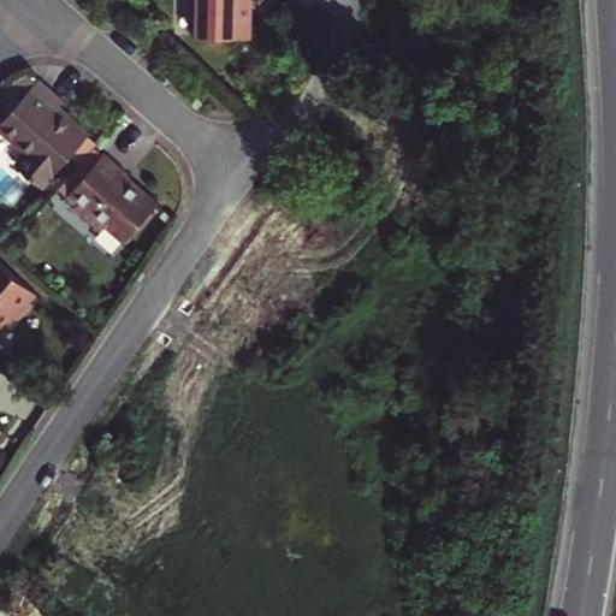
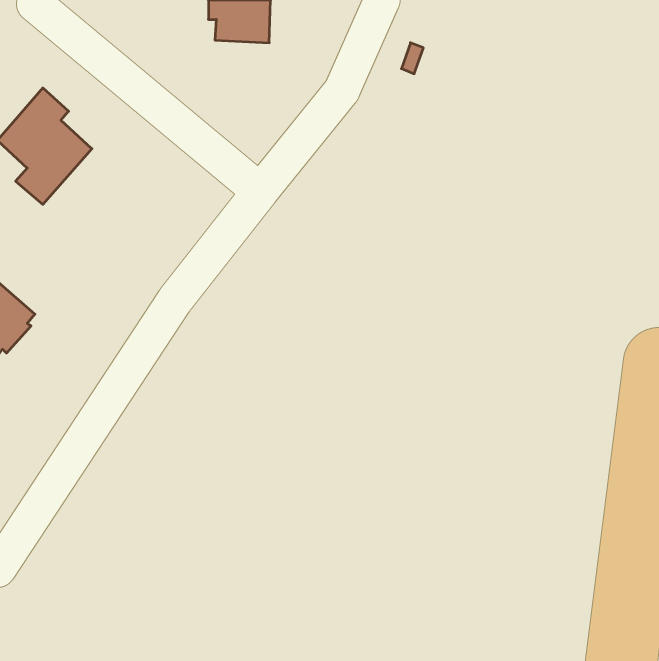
building: [66,154,156,242] -> none

